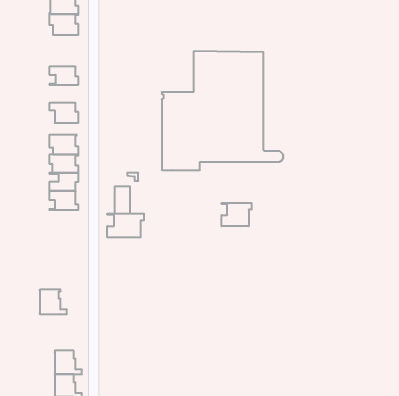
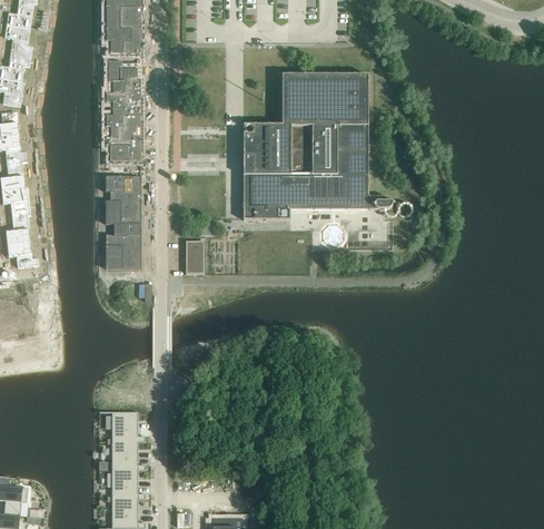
building: none -> [106,60,141,92]
building: none -> [106,115,141,137]
building: [222,203,252,226] -> none
building: [107,214,144,237] -> none
building: [40,290,67,314] -> [112,411,146,441]

